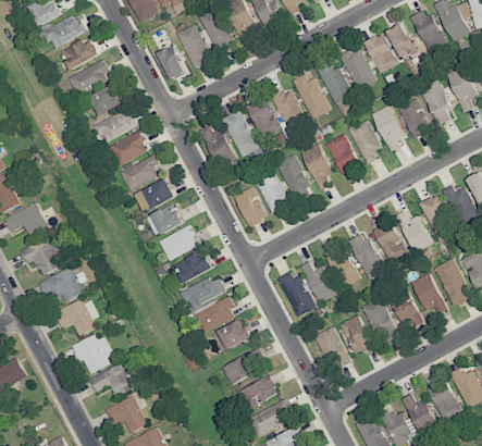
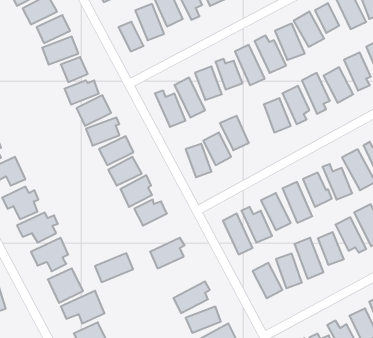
building: [302,144,332,190] -> none
building: [182,275,226,309] -> [95,253,133,282]
building: [218,320,250,349] -> none

